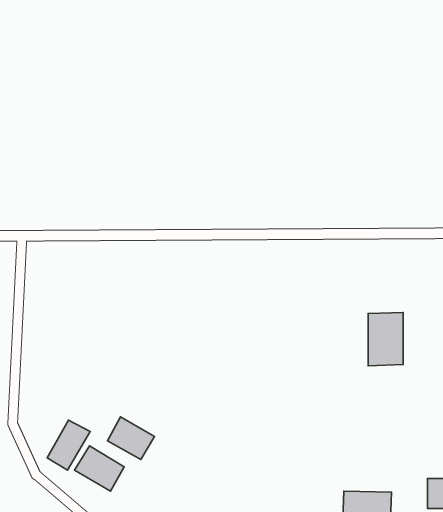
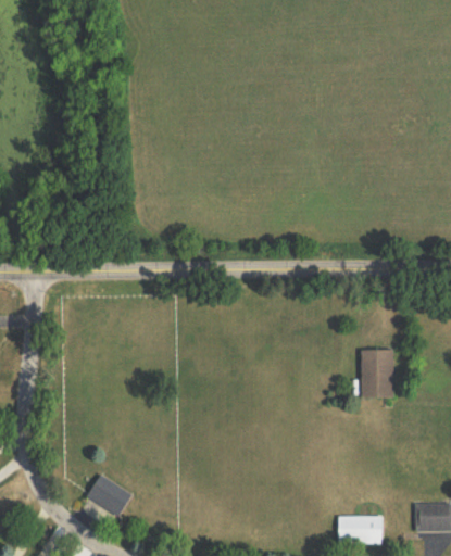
building: [107,417,154,460] -> none
building: [47,420,90,470] -> none

